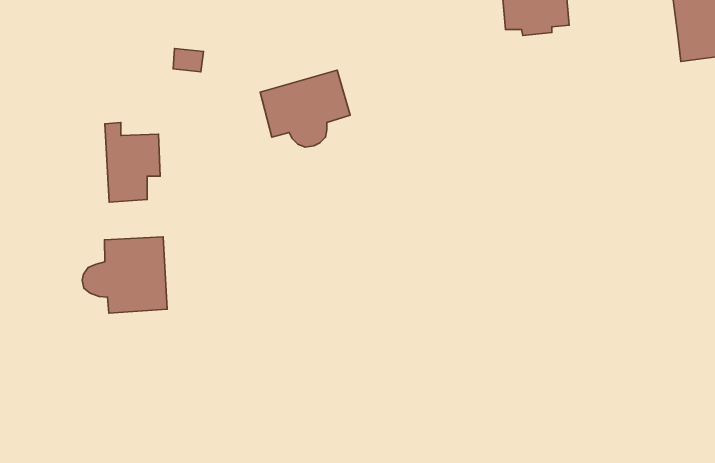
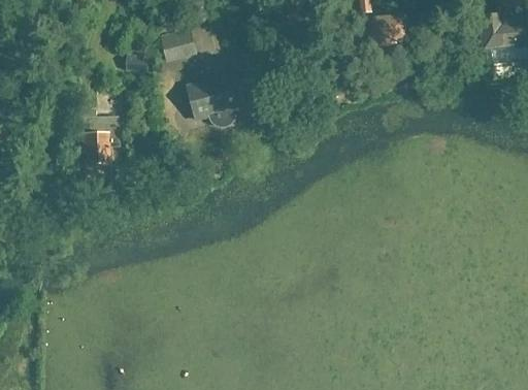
building: none -> [160,30,195,61]
building: [82,237,167,313] -> none

